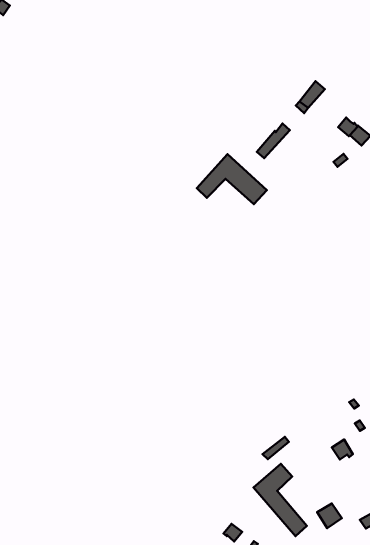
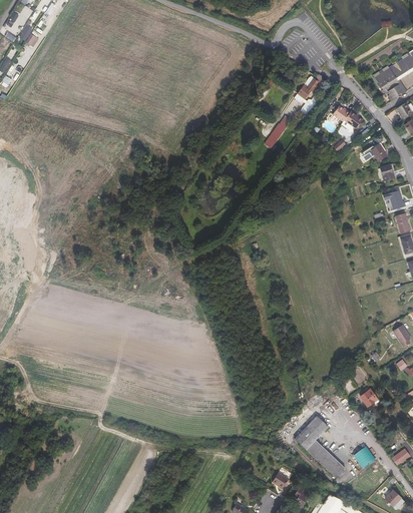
building: [197,154,267,204] -> none

